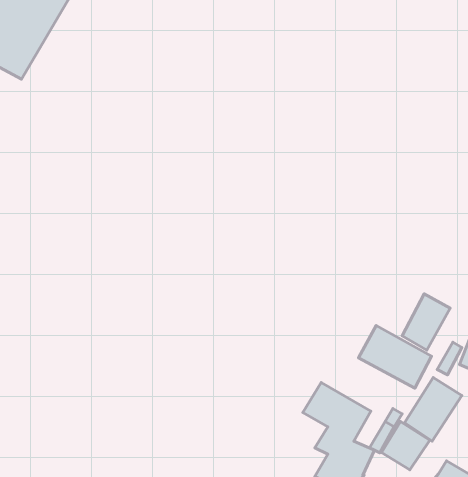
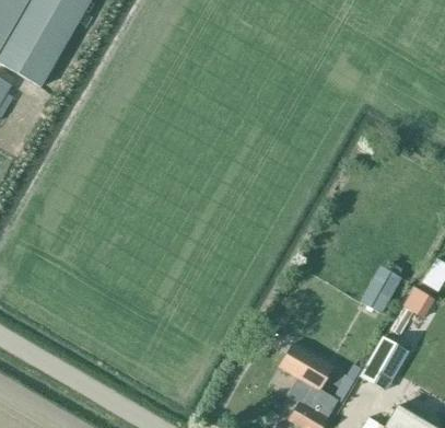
building: [358,326,431,388] -> none
building: [382,422,430,470] -> none

